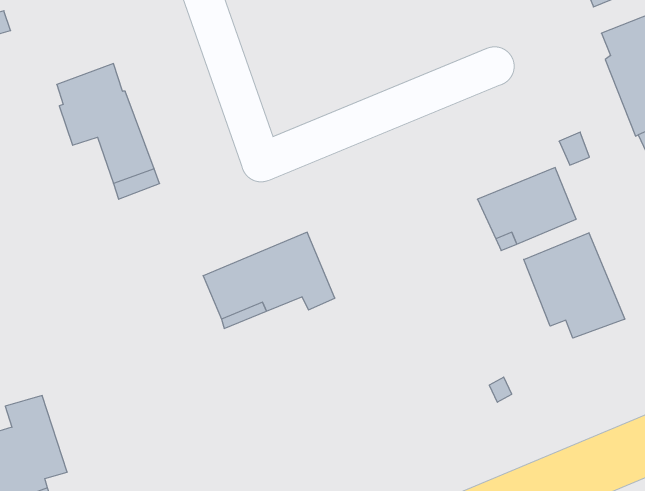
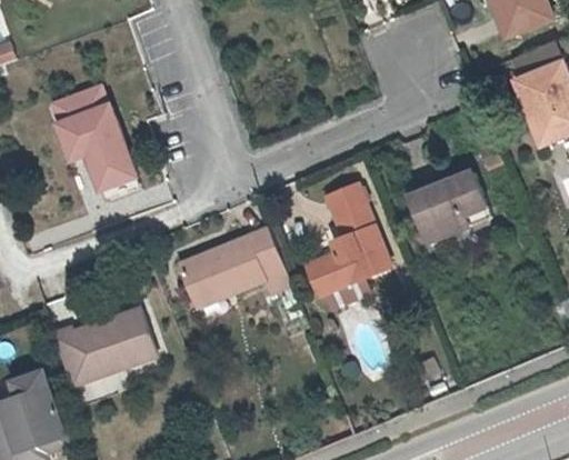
building: none -> [305,186,389,310]
building: [524,233,625,338] -> none
building: none -> [51,298,158,381]

